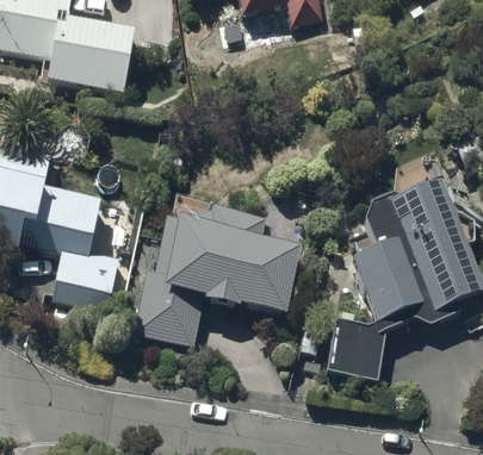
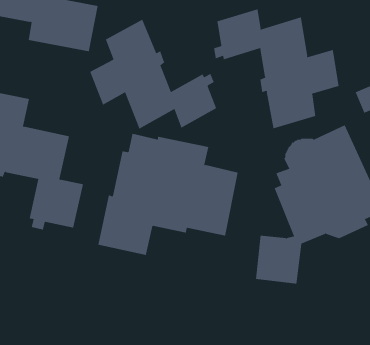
building: none -> [213,8,339,129]
building: none -> [90,19,217,129]

